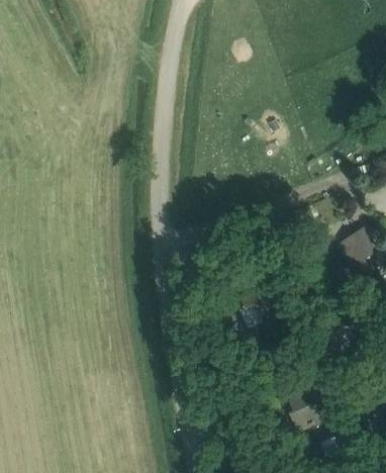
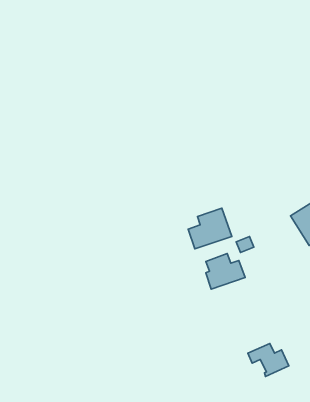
building: none -> [188,208,232,249]

